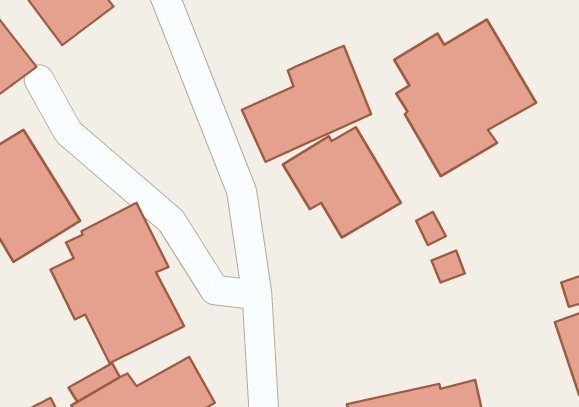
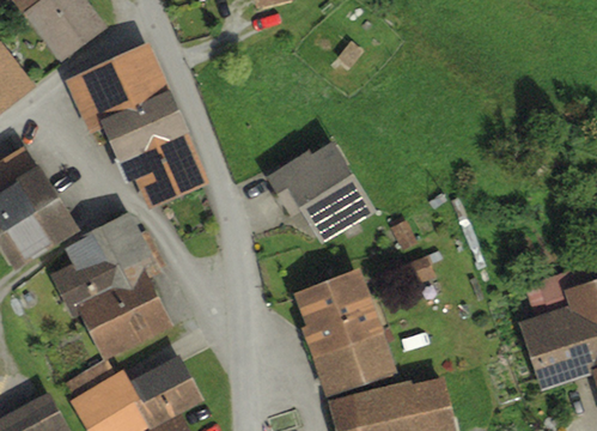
building: [394,20,536,176] -> none
building: none -> [66,44,209,208]
building: [242,46,371,162] -> none
building: none -> [293,269,395,394]

